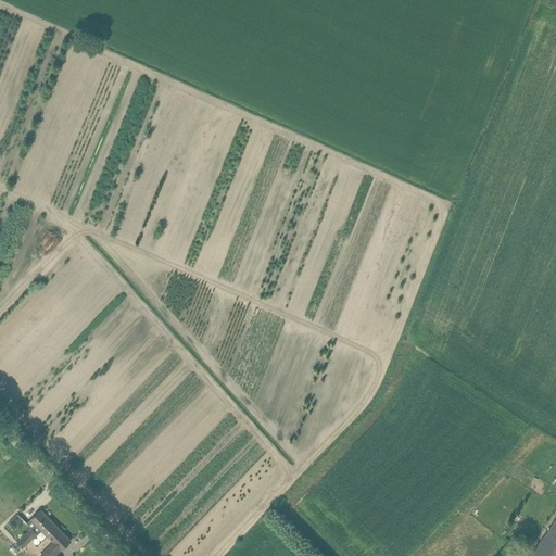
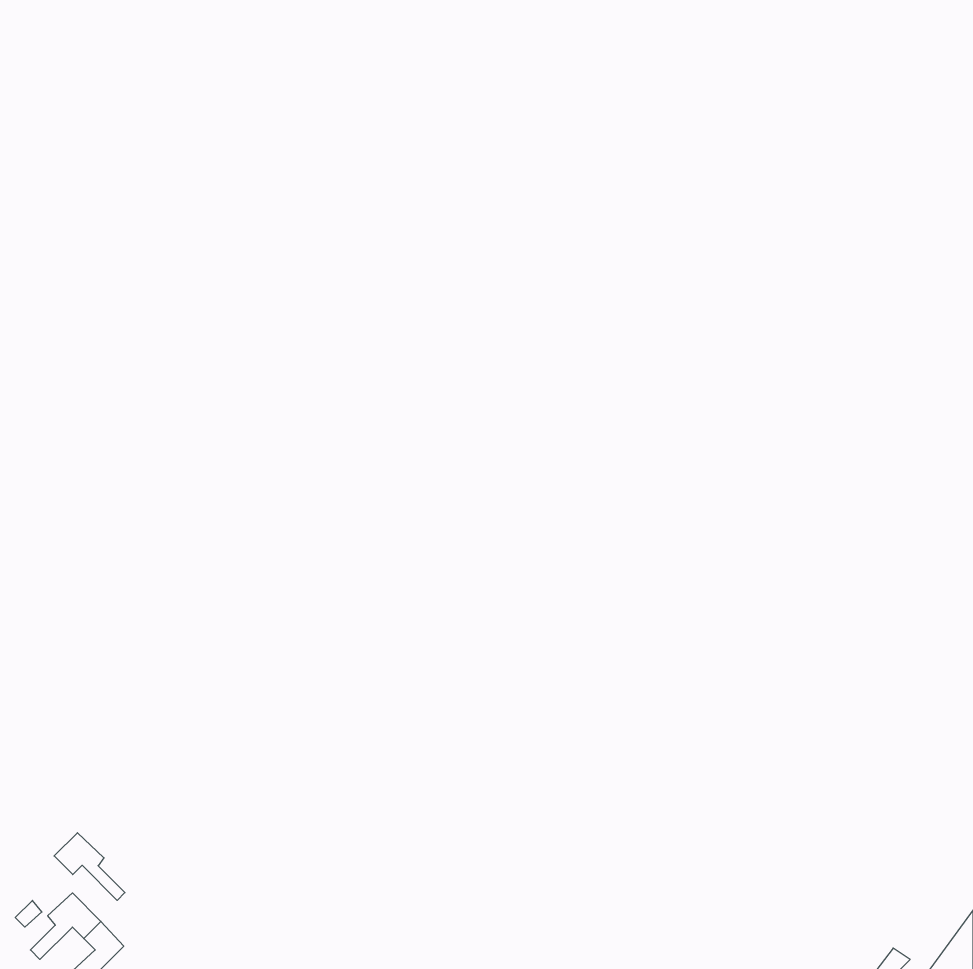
building: none -> [54,833,125,900]

